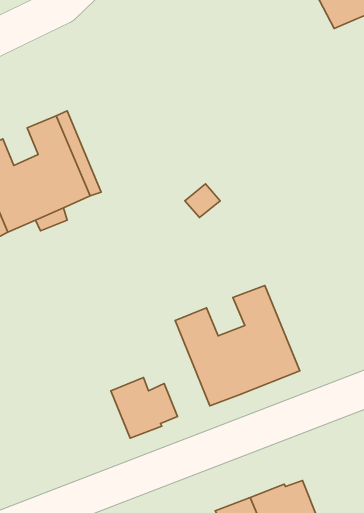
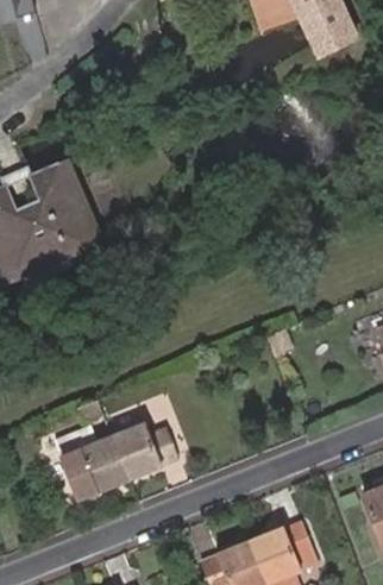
building: [175,286,300,406] -> none
building: none -> [59,434,131,502]

